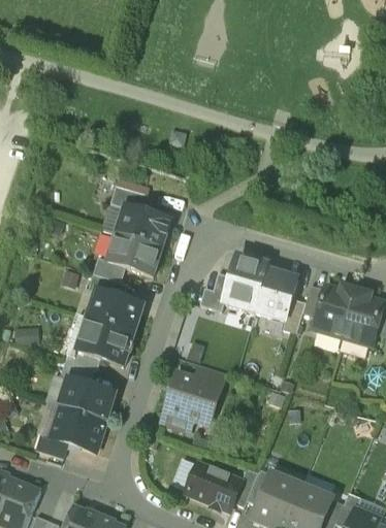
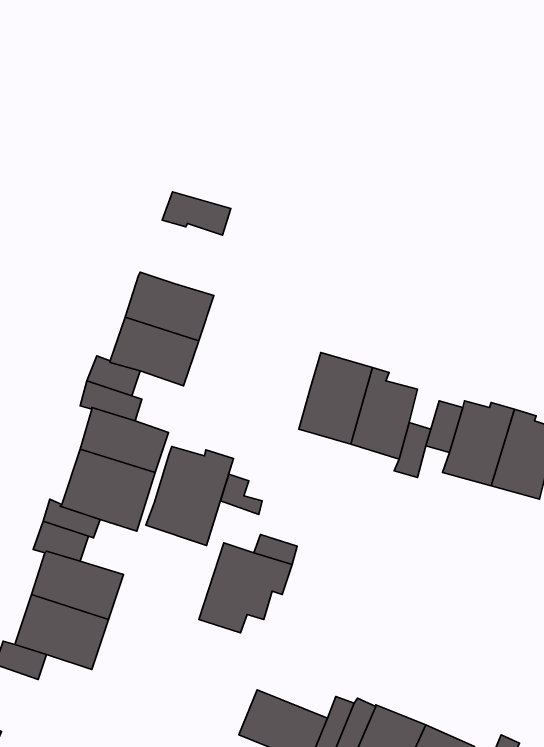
building: [109,187,152,213] -> [162,192,231,235]
building: [199,273,230,311] -> none
building: none -> [146,446,234,546]

